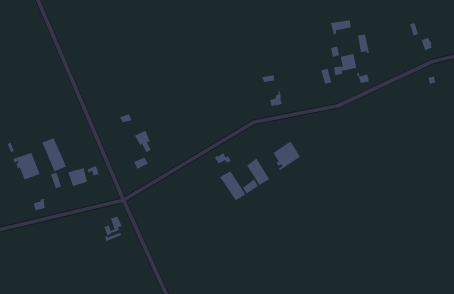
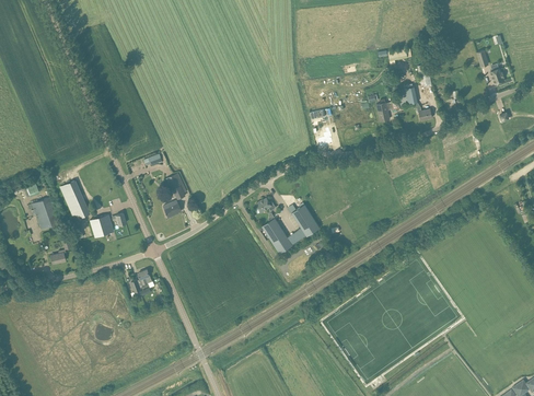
building: [273,141,301,171] -> none

